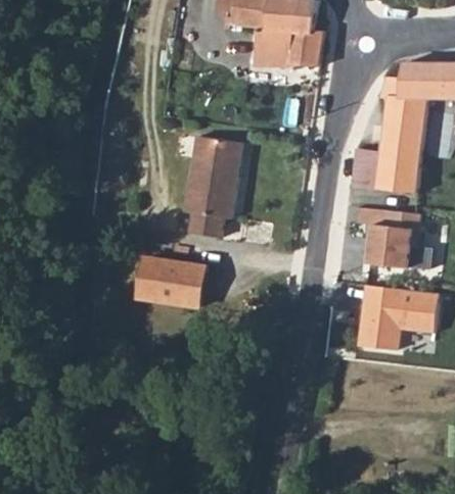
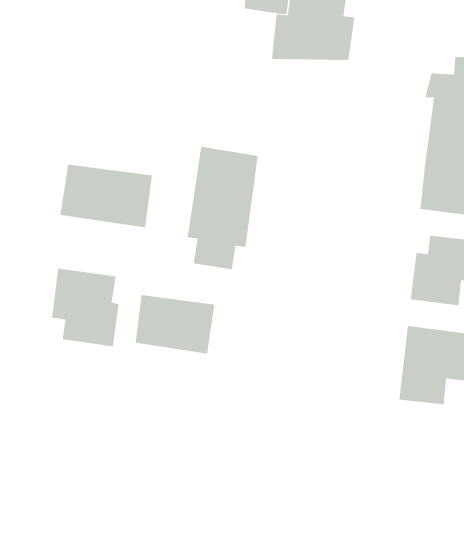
building: [352,149,378,188] -> none
building: none -> [60,164,152,228]
building: none -> [52,268,119,347]

